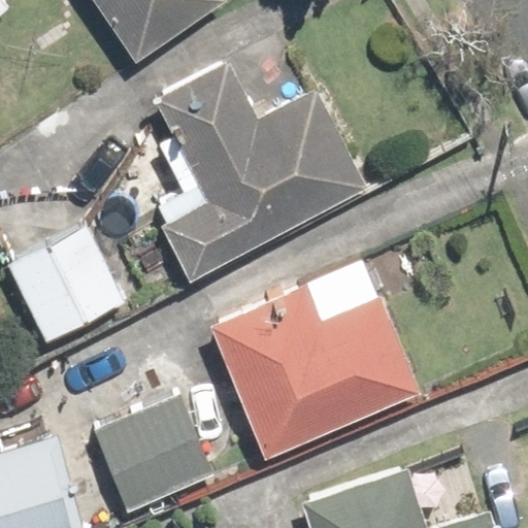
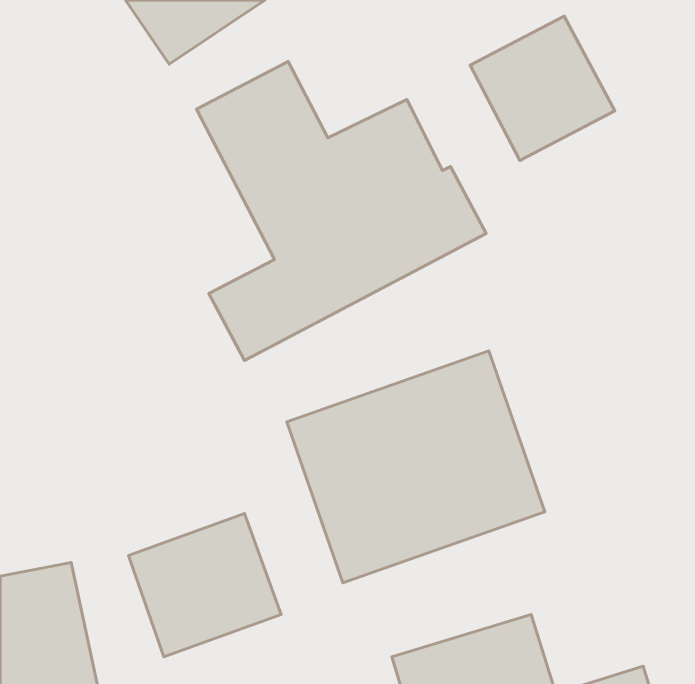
building: none -> [470,16,615,161]
building: [9,225,124,341] -> none

